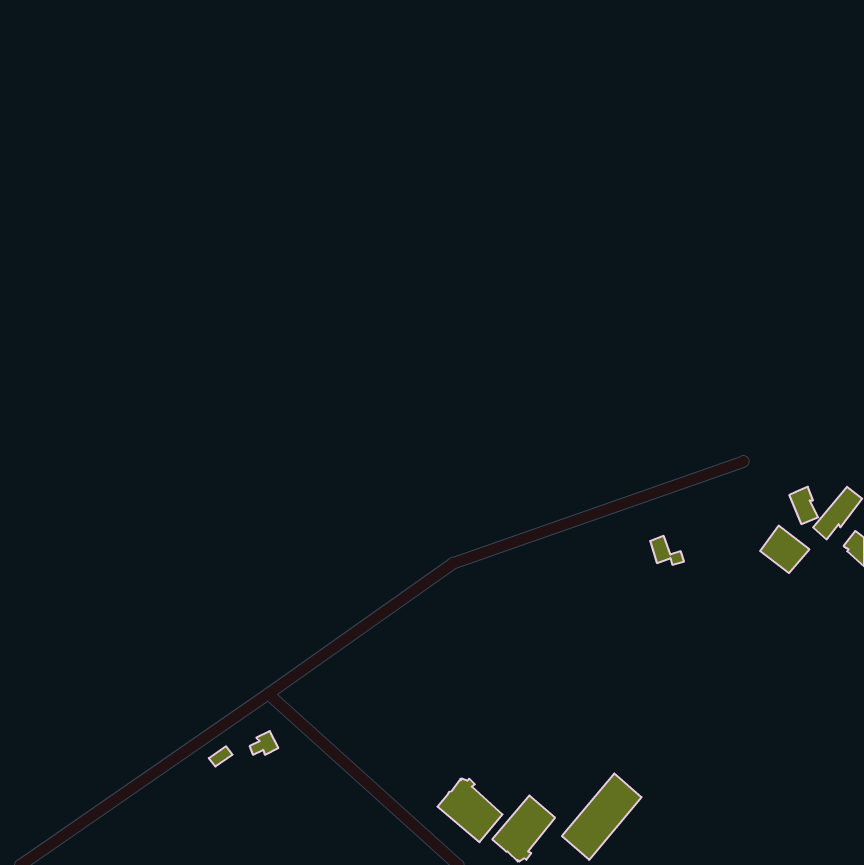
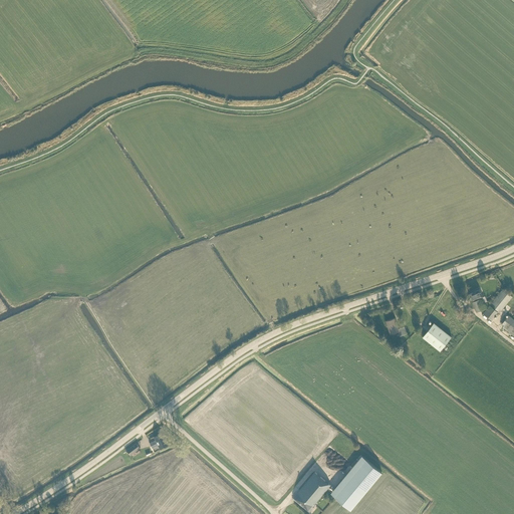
building: [760,526,809,573] -> [421,321,450,349]
building: [437,778,503,842] -> none

